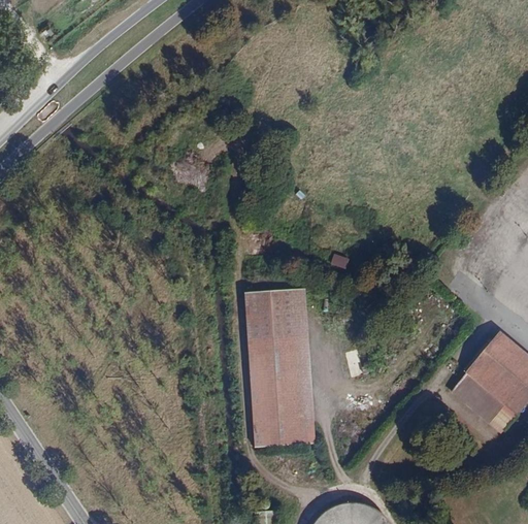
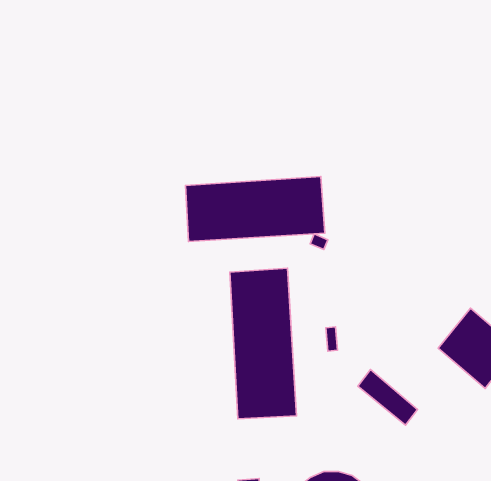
building: none -> [185,177,325,241]
building: [452,373,515,432] -> [358,370,417,425]

